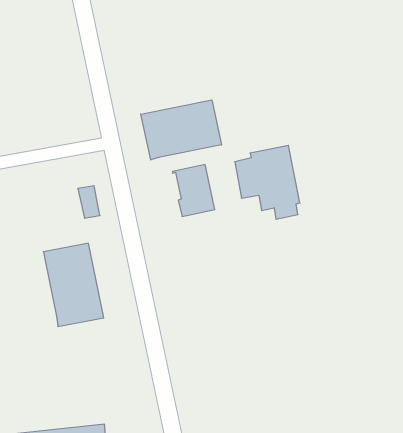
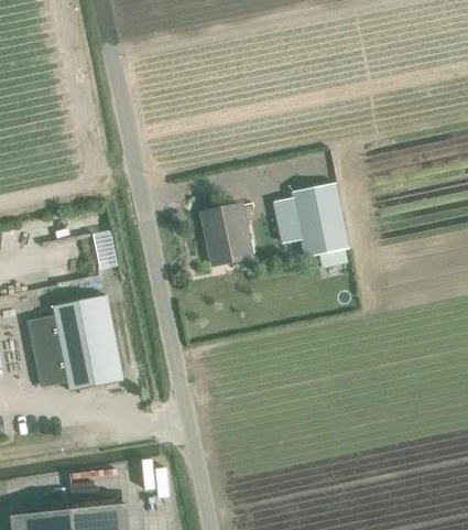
building: [141,100,221,160] -> none
building: none -> [28,315,68,387]

